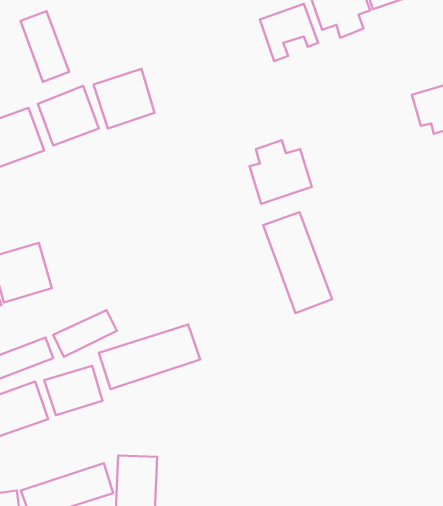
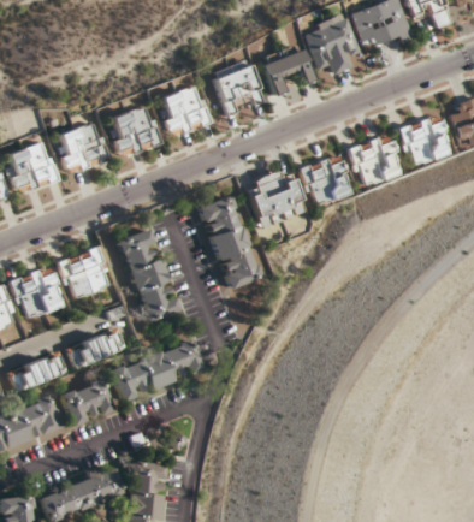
building: [20,11,69,82] -> none
building: none -> [209,60,263,118]
building: none -> [154,84,211,140]
building: none -> [348,135,404,188]
building: none -> [300,156,352,207]
building: none -> [117,229,176,322]
building: [263,212,332,313] -> [197,196,261,290]
building: none -> [57,247,112,302]

